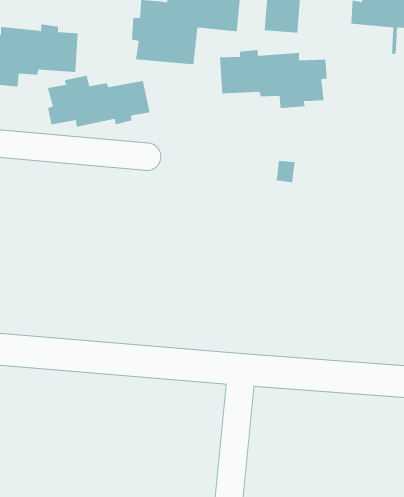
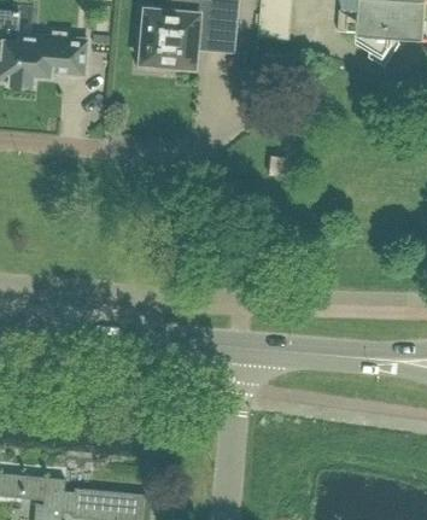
building: [220,49,327,109] -> none
building: [47,75,150,128] -> none

